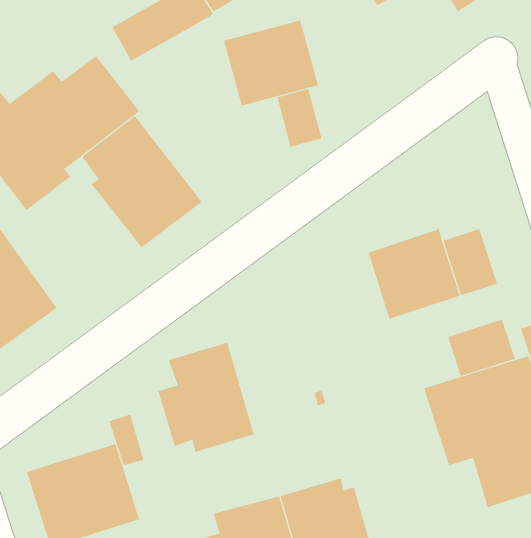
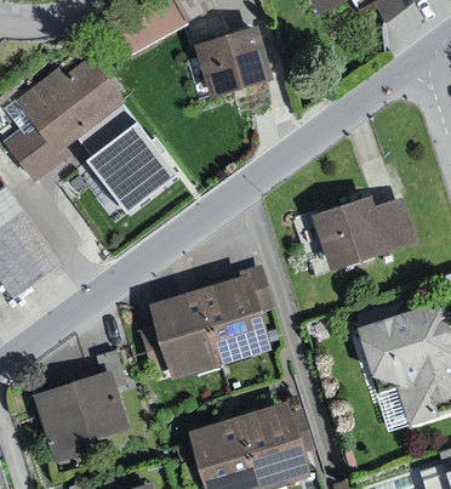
building: [277,88,322,147] -> none
building: none -> [198,262,274,364]
building: [447,319,515,377] -> none

